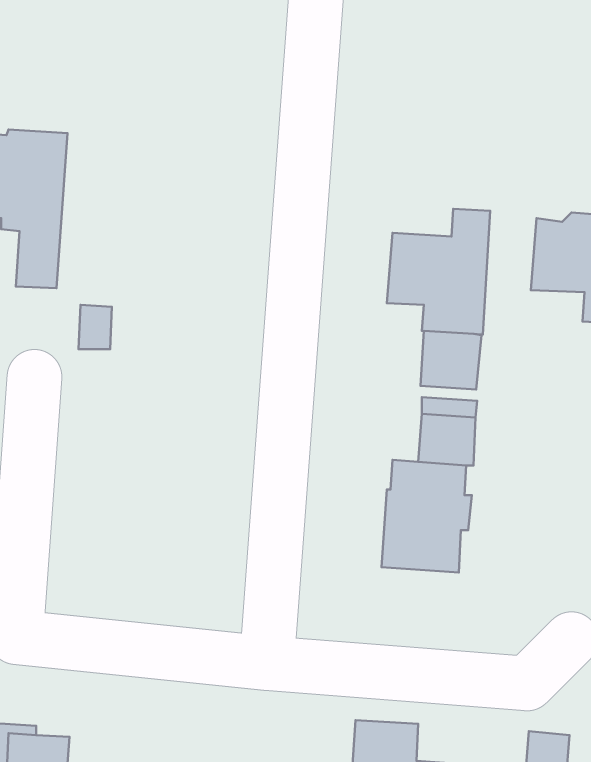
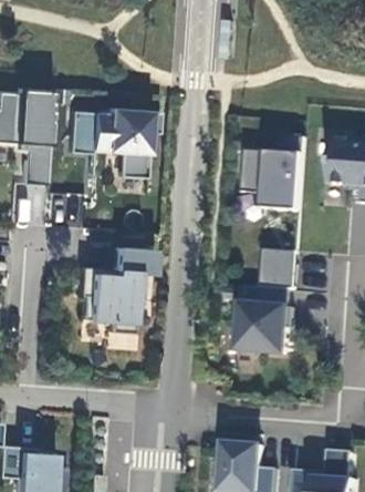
building: none -> [65,106,156,175]
building: [421,331,481,390] -> none
building: none -> [74,245,150,331]

